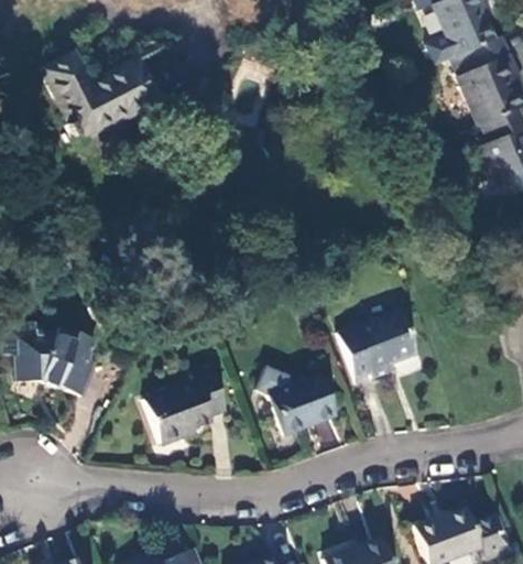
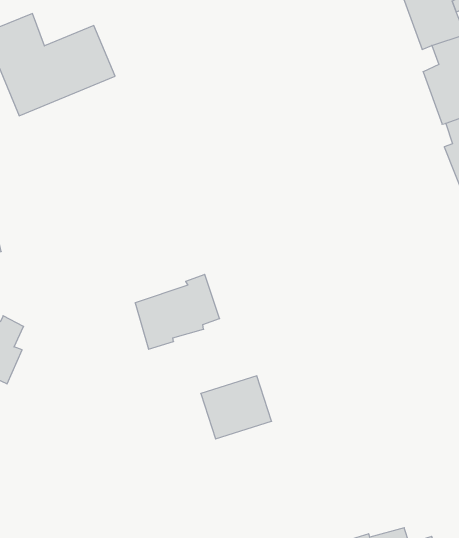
building: [339,311,416,388] -> none
building: [145,369,226,443] -> [135,274,220,349]

